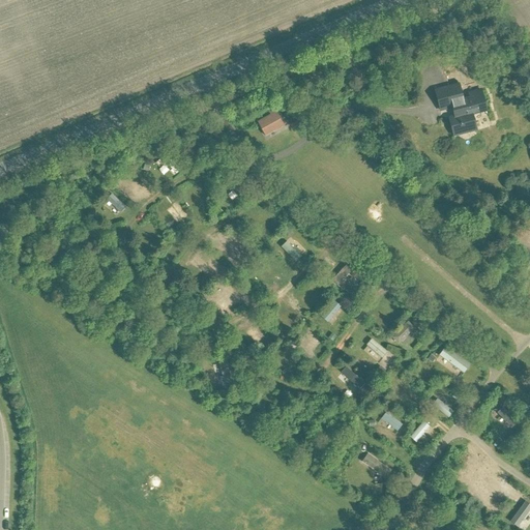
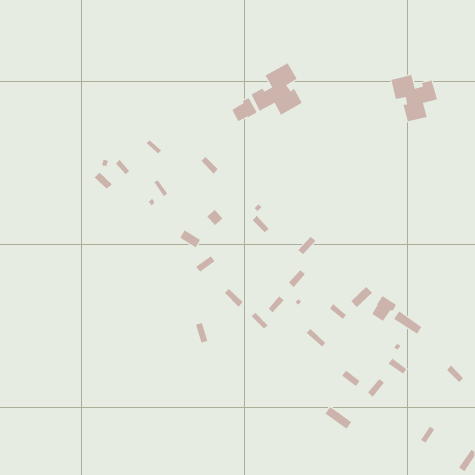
building: none -> [251,63,302,116]
building: none -> [371,295,397,322]

